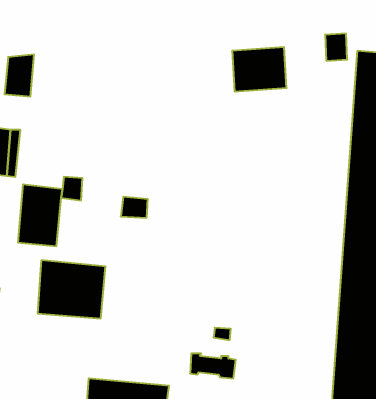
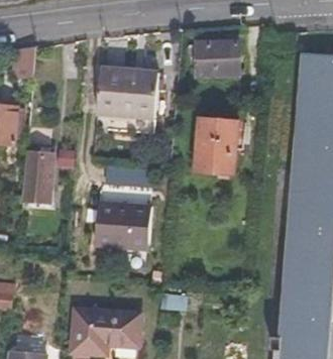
building: none -> [100,70,162,119]
building: none -> [198,119,240,171]
building: [38,260,106,318] -> [98,205,153,252]

